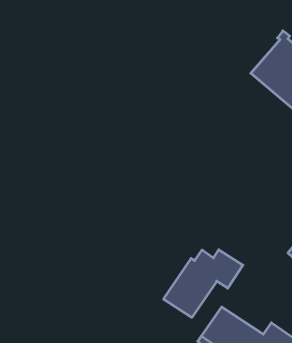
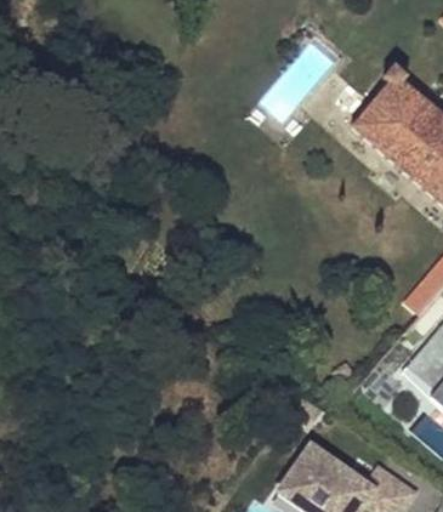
building: [164,250,243,317] -> none

